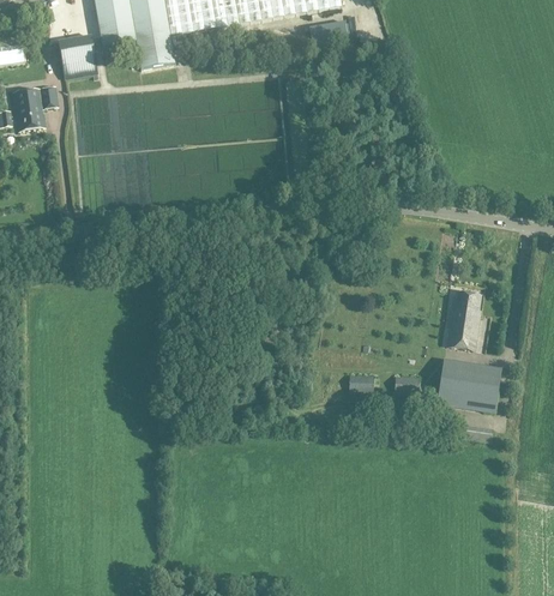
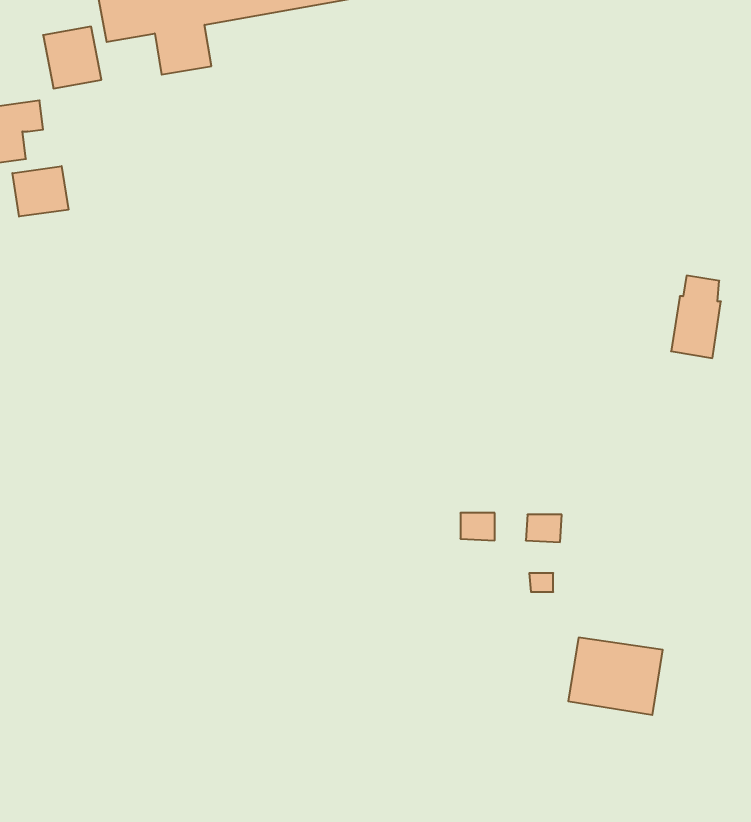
building: none -> [12,166,68,217]
building: [446,291,481,349] -> [671,276,721,358]
building: [436,359,502,413] -> [568,638,663,715]

